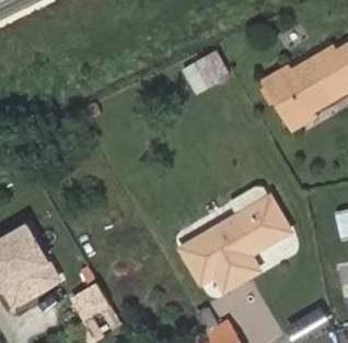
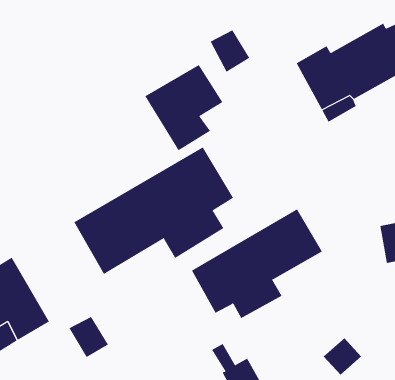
building: none -> [145,64,223,151]
building: none -> [73,146,234,275]

